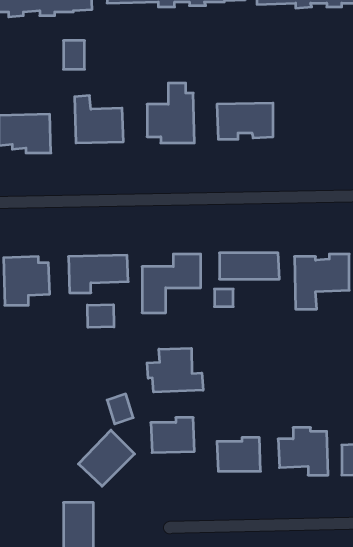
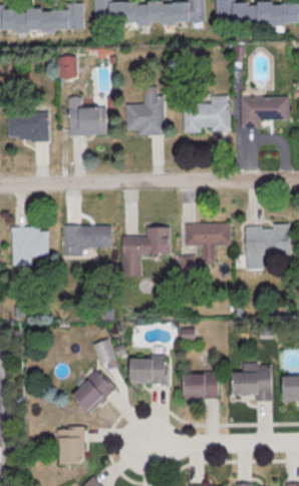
building: none -> [241,97,288,119]
building: [87,305,114,327] -> none
building: [147,348,203,392] -> none

